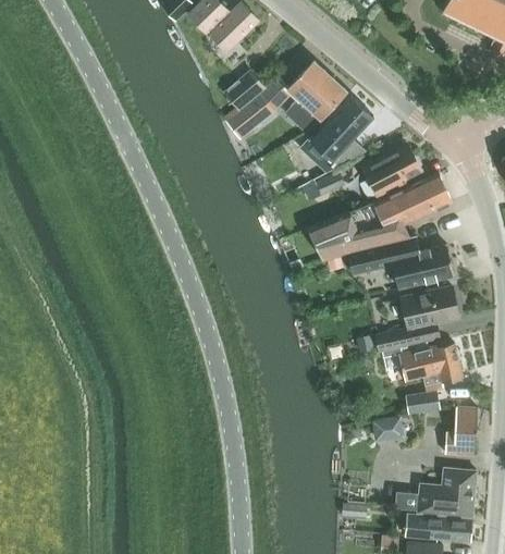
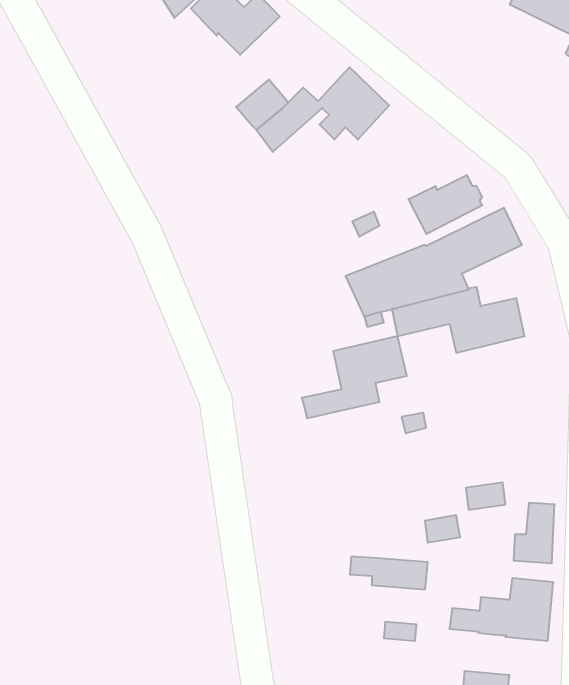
building: [299,95,373,172] -> none
building: [375,285,459,350] -> [302,336,407,418]
building: [401,343,463,383] -> none
building: [410,515,472,541] -> [350,557,428,589]

